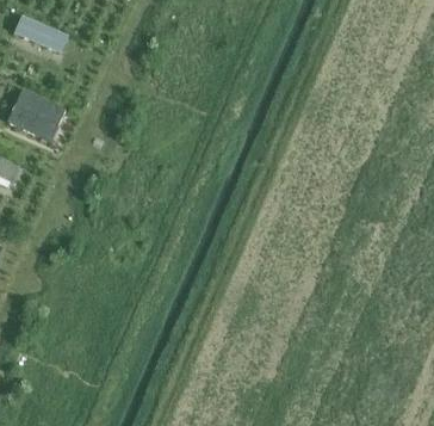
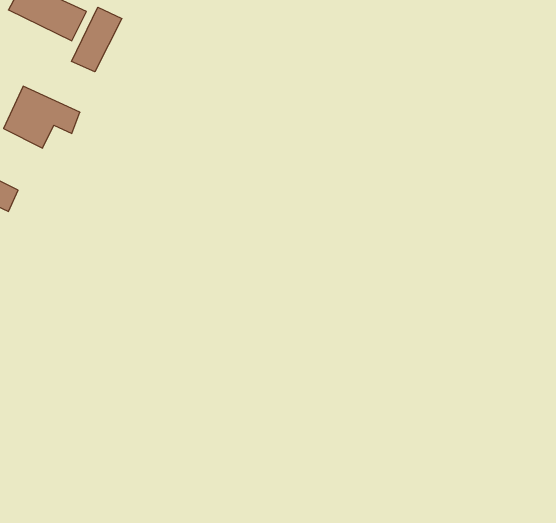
building: none -> [72,7,122,72]

